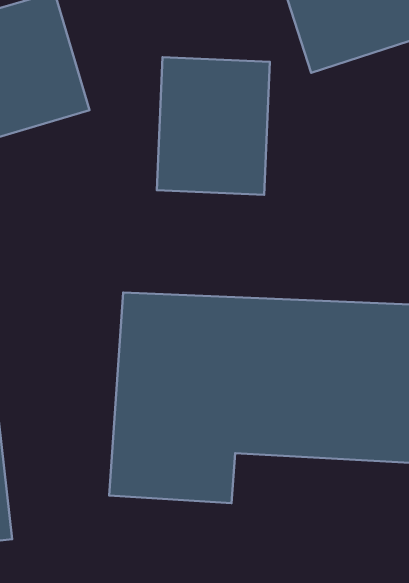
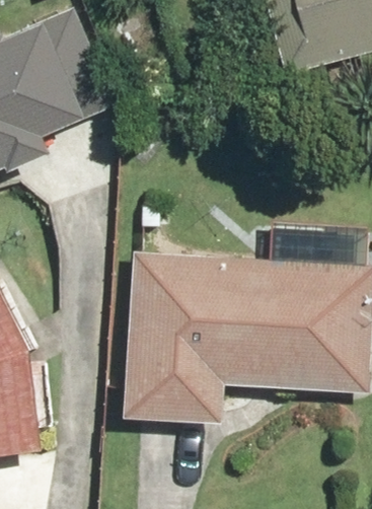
building: [157,57,270,195] -> none

